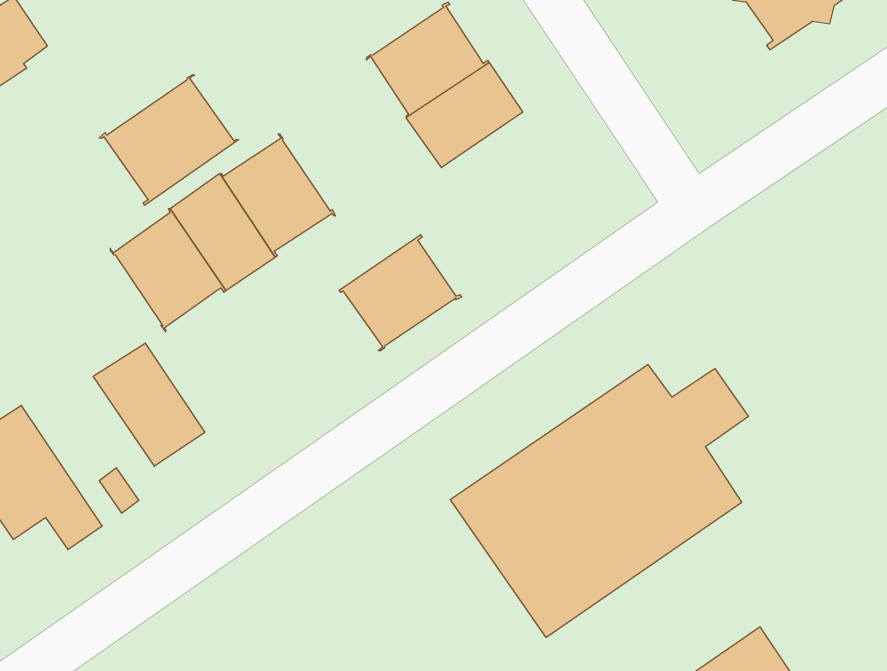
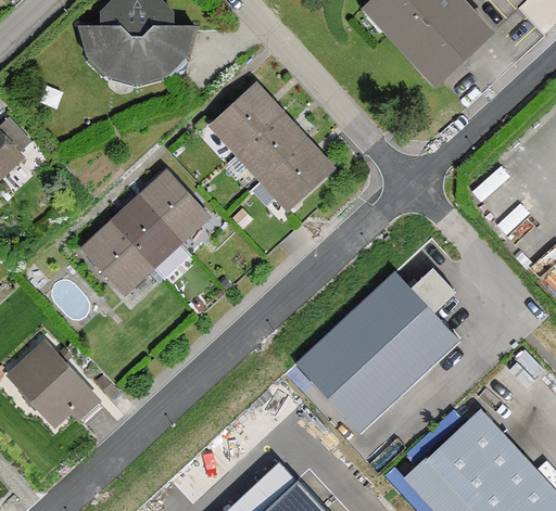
building: [99,75,239,205] -> none
building: [339,235,462,351] -> [262,140,331,208]
building: [93,343,205,466] -> none

